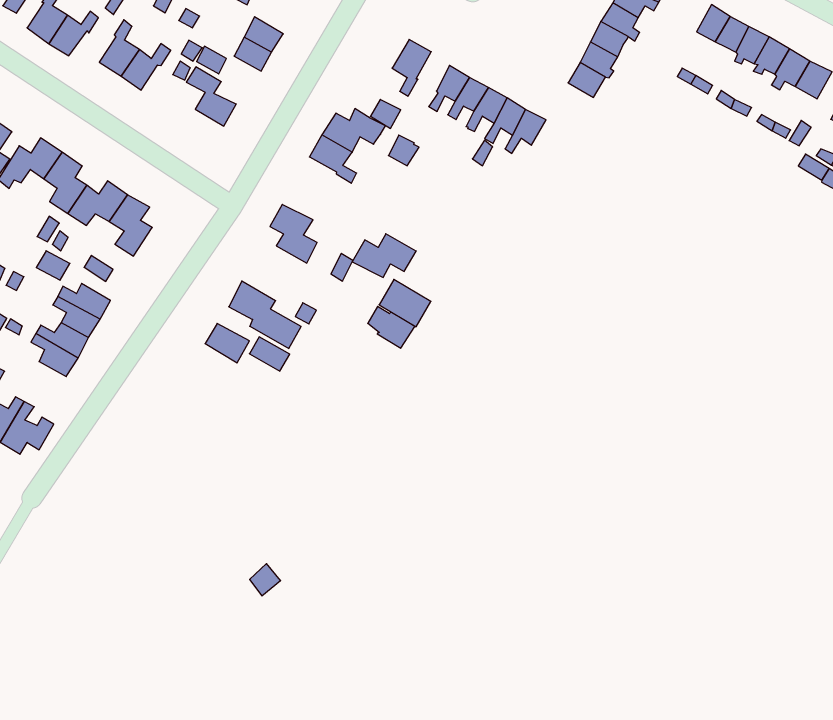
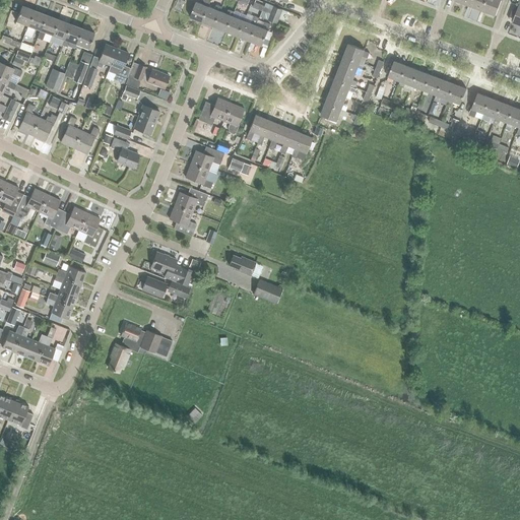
building: none -> [197,99,230,126]
building: [352,234,416,277] -> [173,187,207,211]
building: [379,279,431,327] -> [254,278,282,303]
building: none -> [107,322,172,370]

